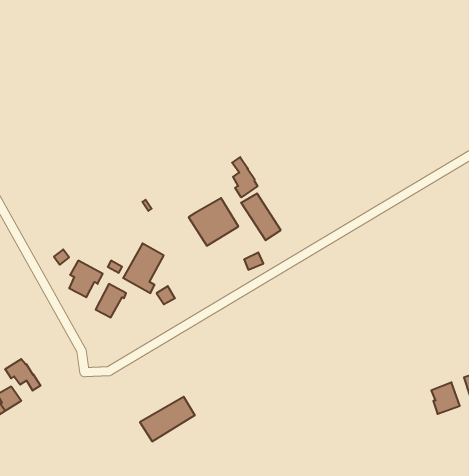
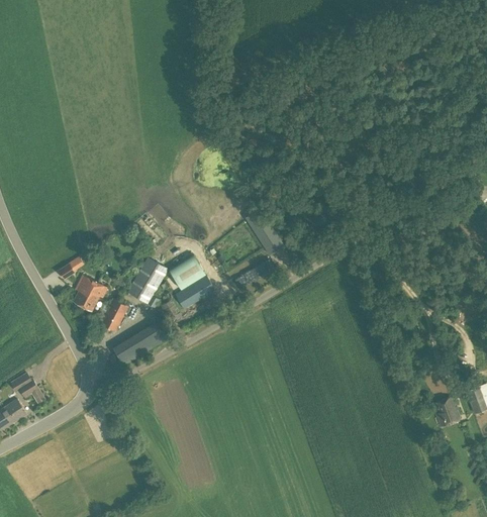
building: [232,157,257,197] -> none
building: [189,198,238,246] -> [166,262,215,309]
building: [140,397,195,441] -> [112,321,167,366]

